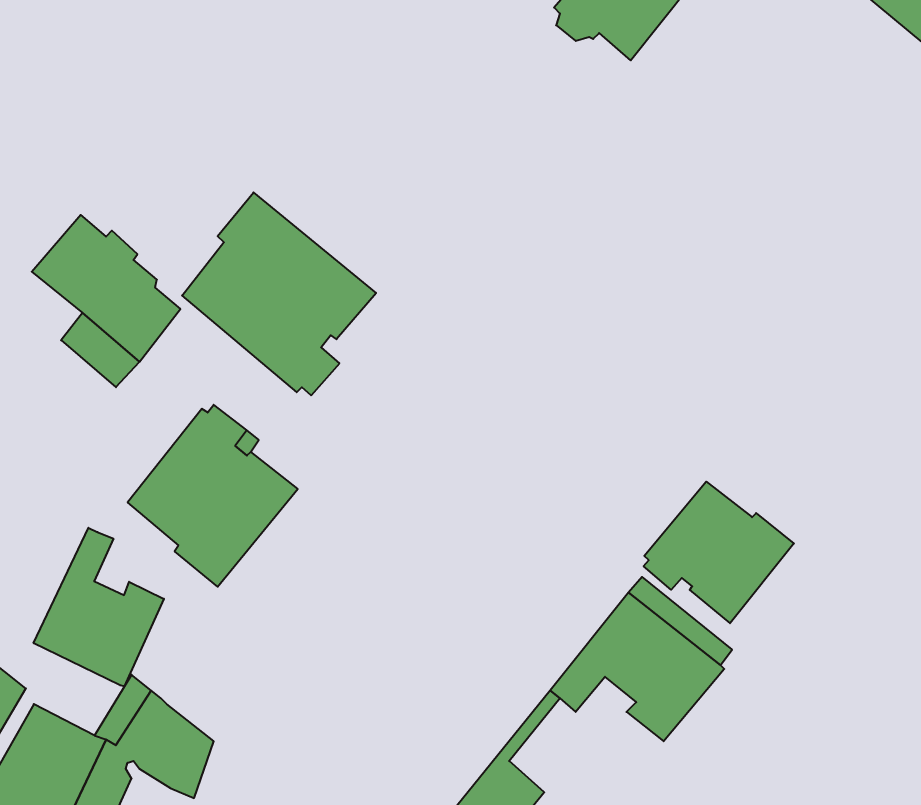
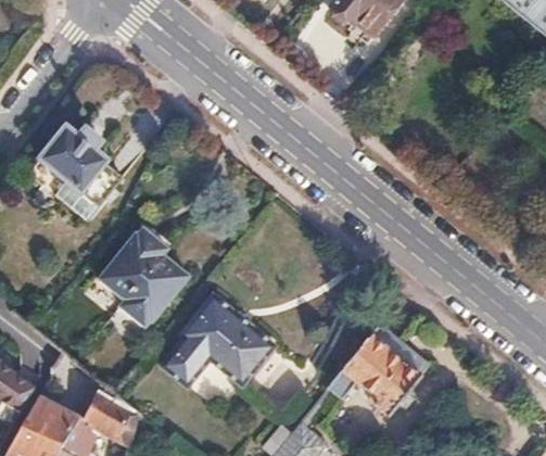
building: [182,192,376,395] -> none
building: [644,482,794,623] -> none
building: none -> [156,294,274,388]
building: [34,528,164,687] -> none

